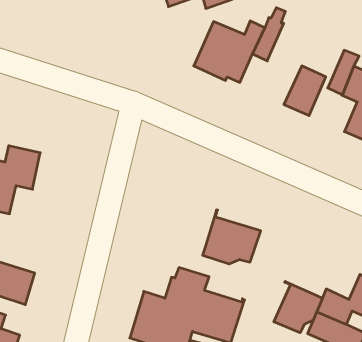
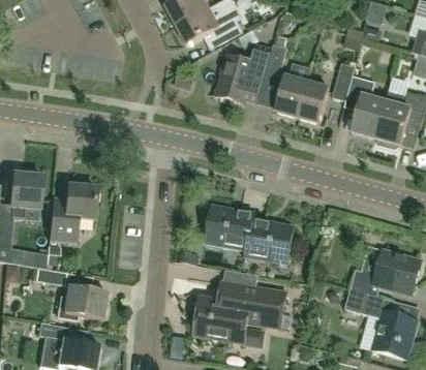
building: none -> [275,74,307,116]
building: none -> [208,208,252,248]
building: [274,281,323,333] -> none

